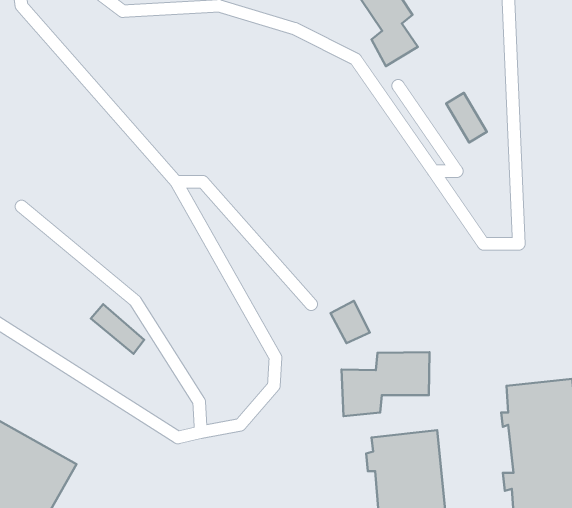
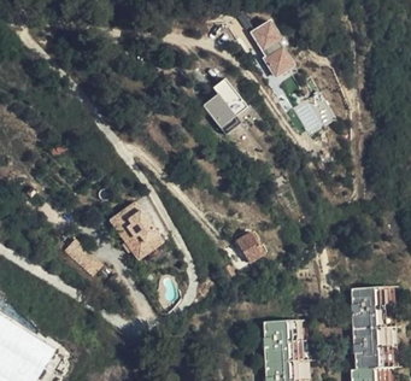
building: none -> [201,75,241,131]
building: none -> [107,198,159,254]
building: [341,352,429,416] -> none

